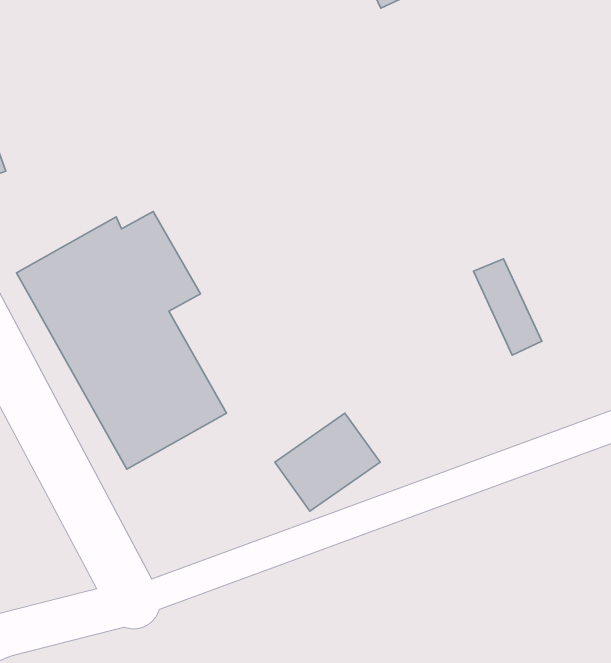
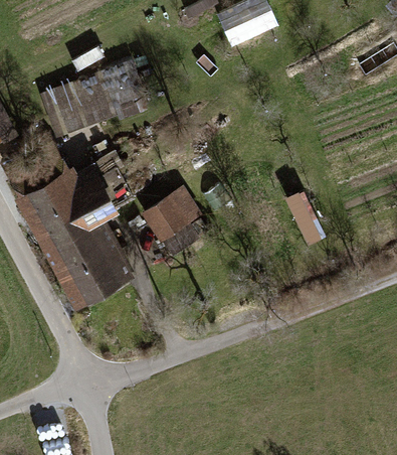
building: none -> [47,63,147,138]
building: [275,413,380,511] -> [141,188,201,245]

